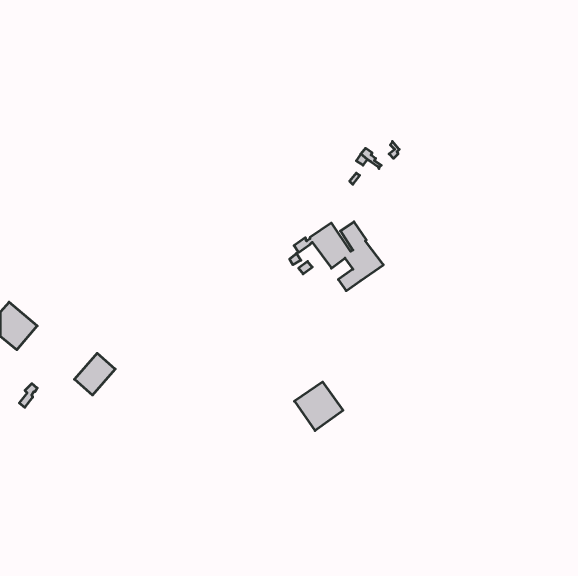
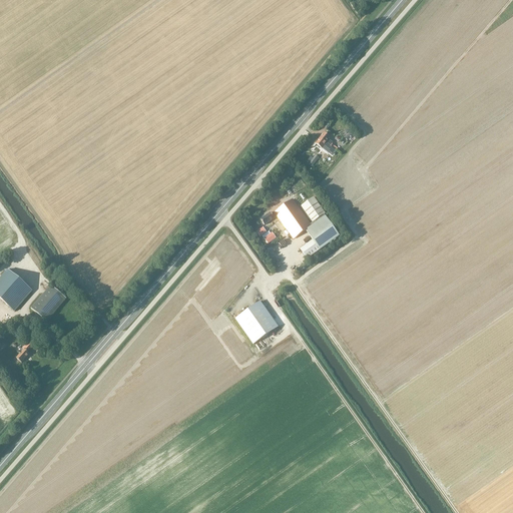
building: [74,353,115,395] -> [31,284,67,321]
building: [294,382,343,431] -> [235,300,279,343]

